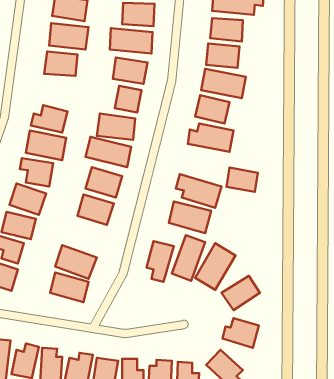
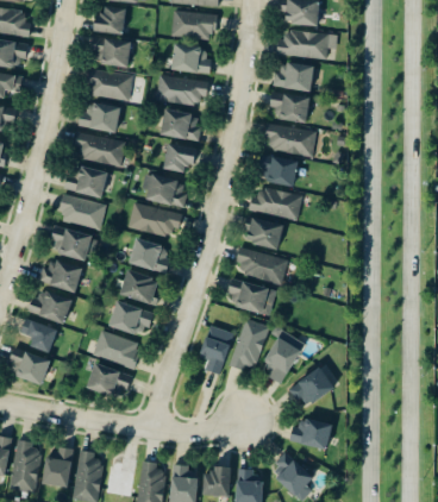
building: none -> [74,134,124,163]
building: [226,168,258,192] -> [245,220,282,249]
building: none -> [108,301,154,337]

